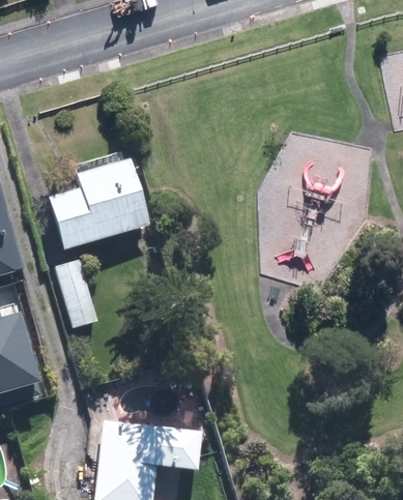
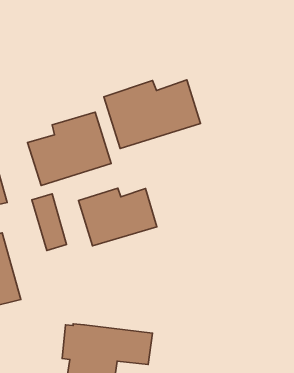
building: none -> [104,80,200,148]
building: none -> [79,188,157,246]

